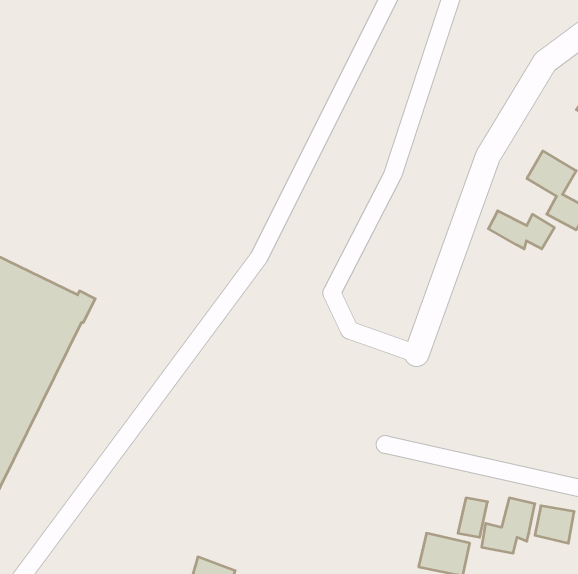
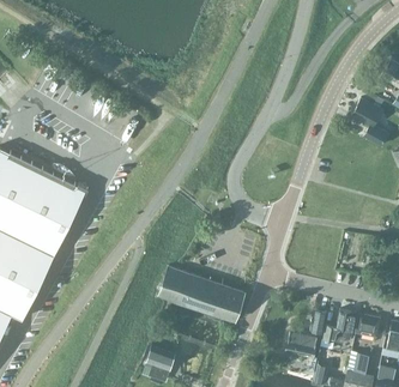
building: [488,211,554,249] -> none
building: none -> [158,265,243,318]

